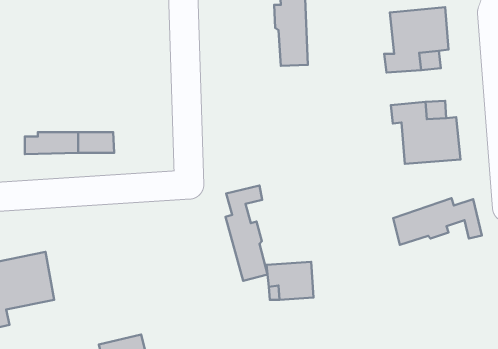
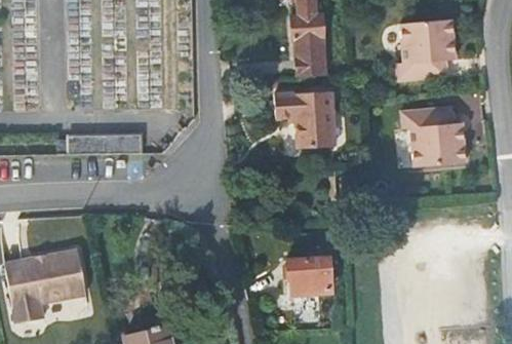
building: none -> [273,92,332,148]
building: [226,185,268,281] -> none
building: [393,198,482,245] -> none

